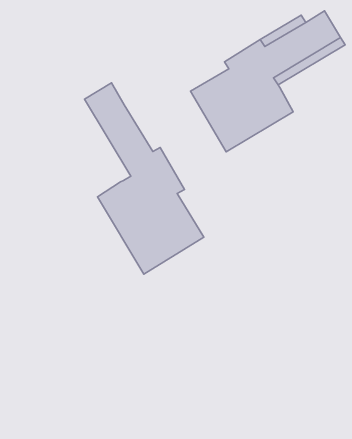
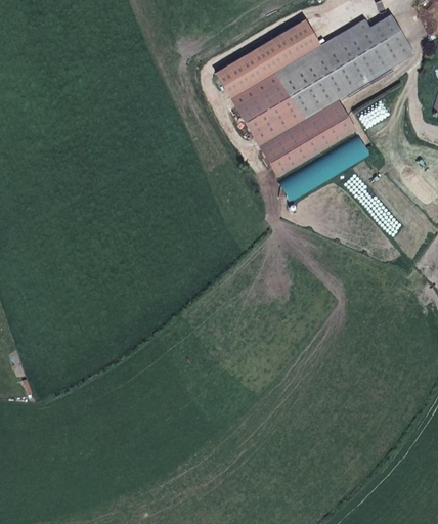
building: none -> [216,20,318,97]
building: [85,83,204,274] -> none

